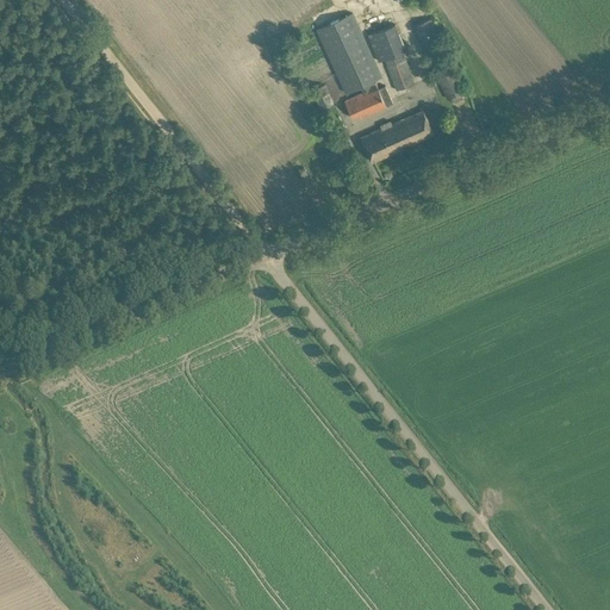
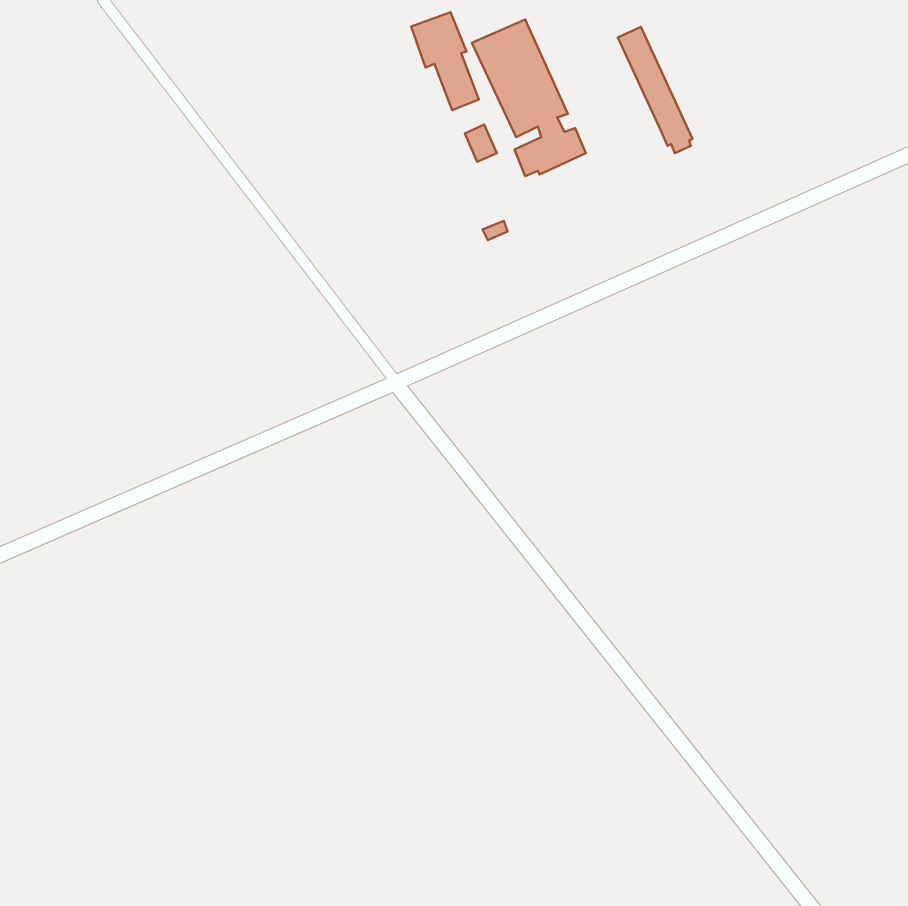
building: [368,26,413,92] -> [411,12,479,110]
building: [360,112,432,163] -> none

